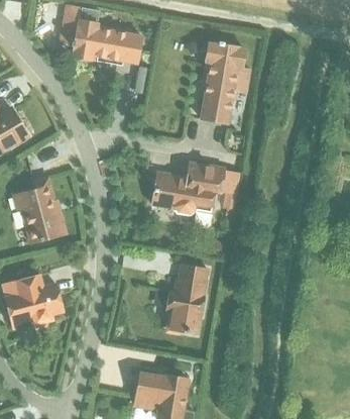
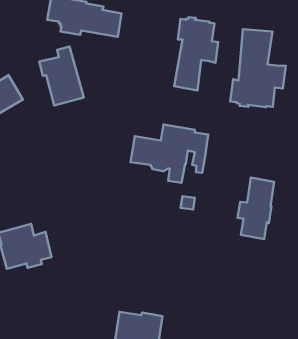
building: none -> [230,29,286,107]
building: [13,178,64,244] -> [39,46,84,105]
building: [165,265,207,334] -> [237,178,274,239]

